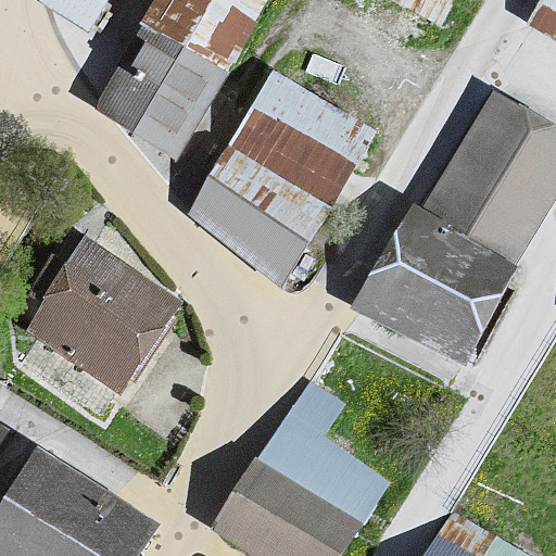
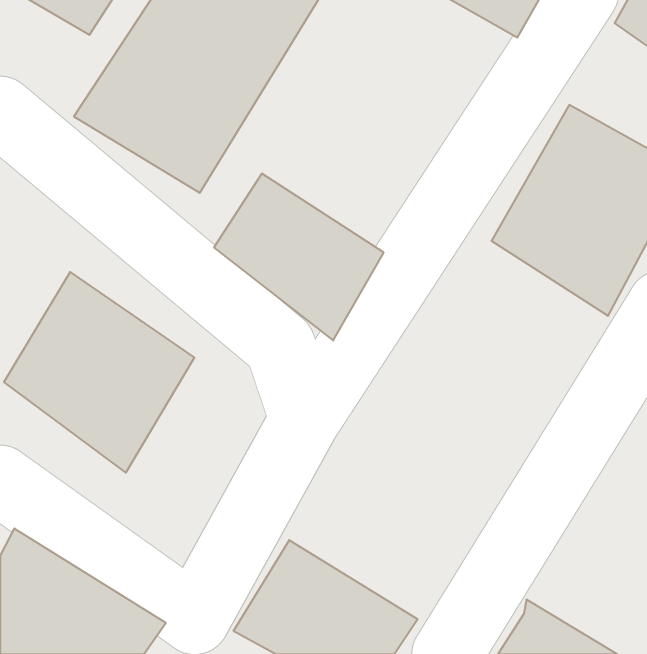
building: [232,70,377,212] -> none
building: [356,202,516,366] -> none
building: [255,376,386,519] -> none

